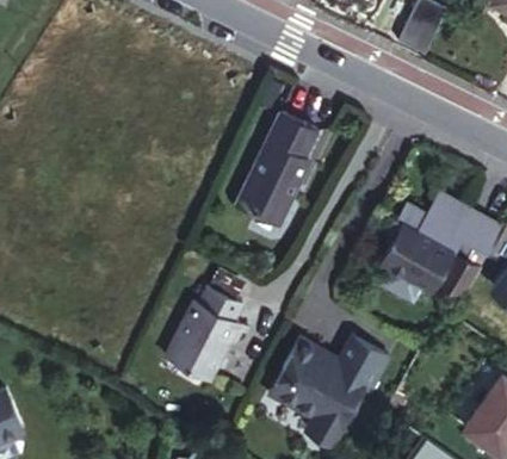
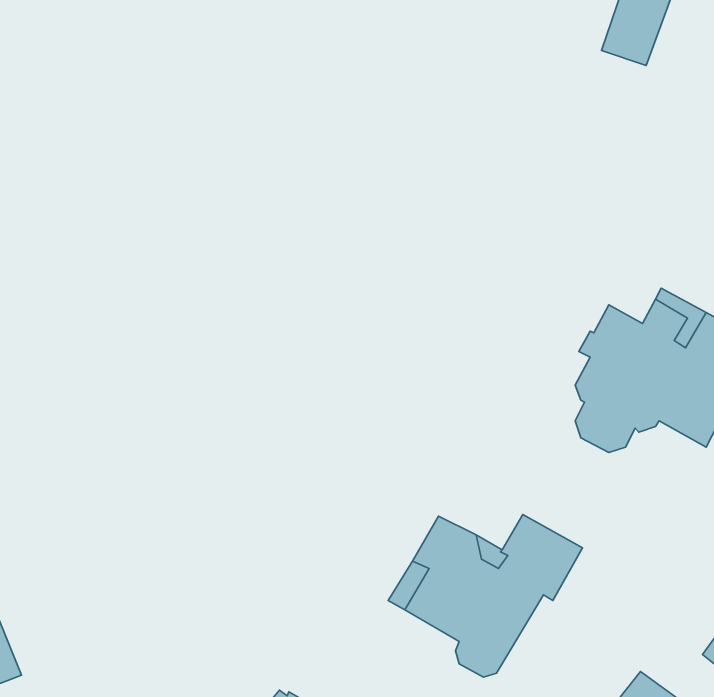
building: [234,112,317,225] -> none
building: [161,286,240,377] -> none

